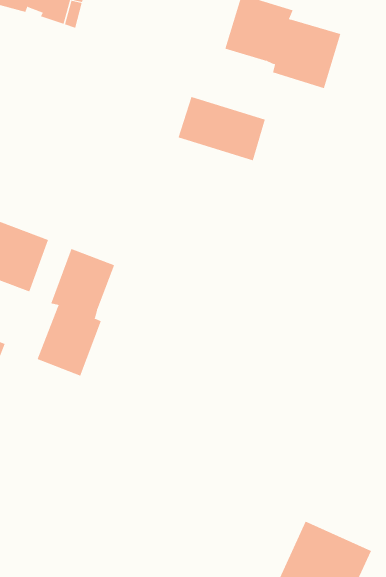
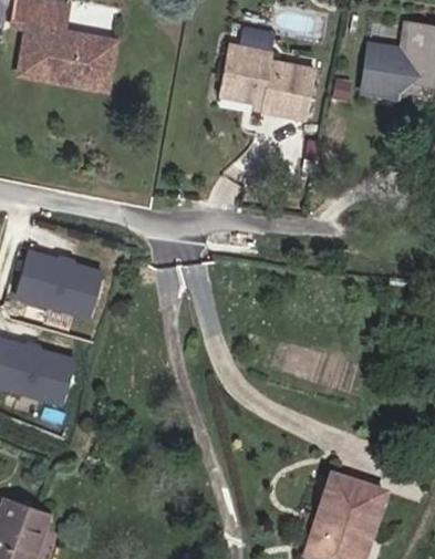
building: [178,96,266,161] -> none
building: [37,248,115,376] -> none

